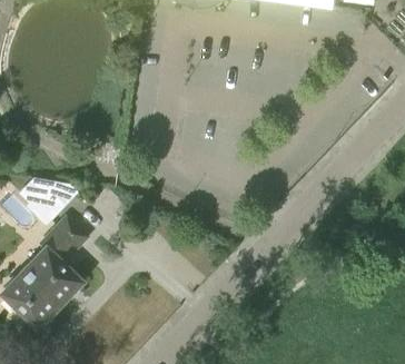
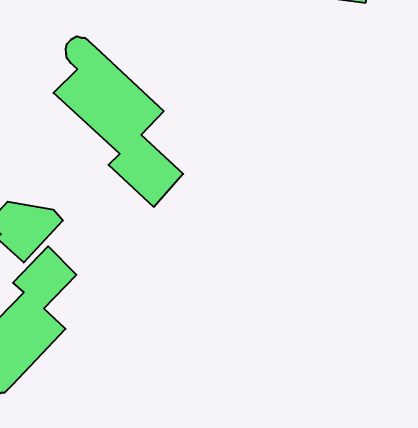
building: none -> [53,36,183,207]

